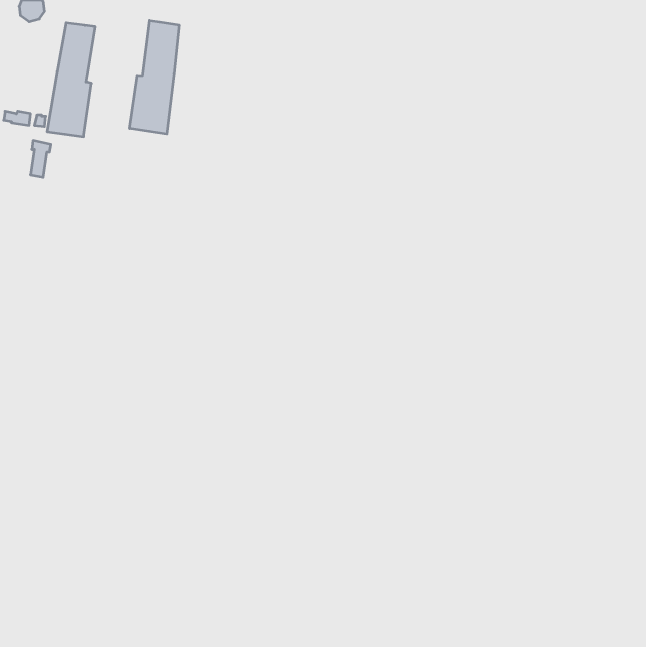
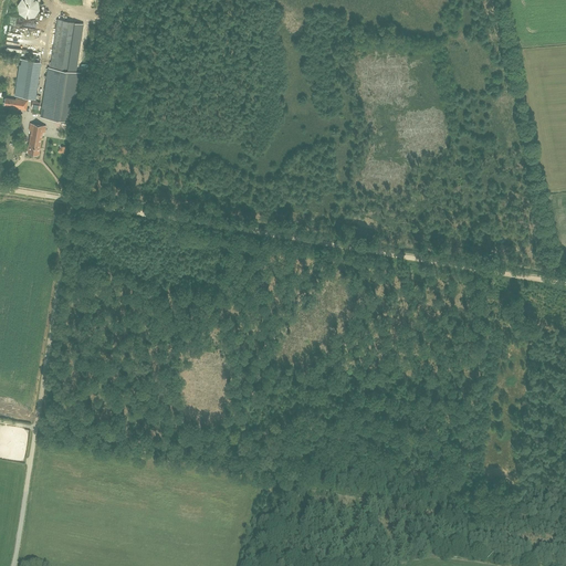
building: [130,20,179,134] -> none
building: none -> [15,60,38,98]

